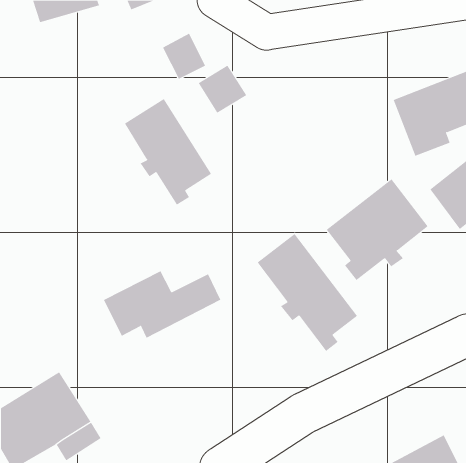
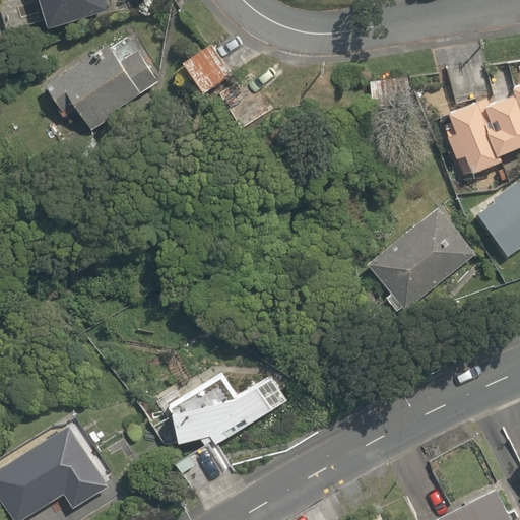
building: none -> [43,45,155,131]
building: [124,98,212,206] -> none
building: [257,233,358,352] -> none
building: [103,271,221,338] -> [160,370,291,445]

